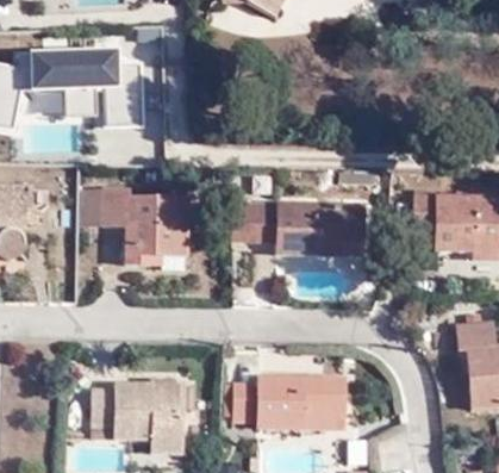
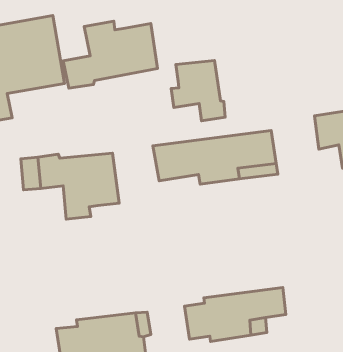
building: none -> [63,21,158,88]
building: none -> [171,61,225,121]

